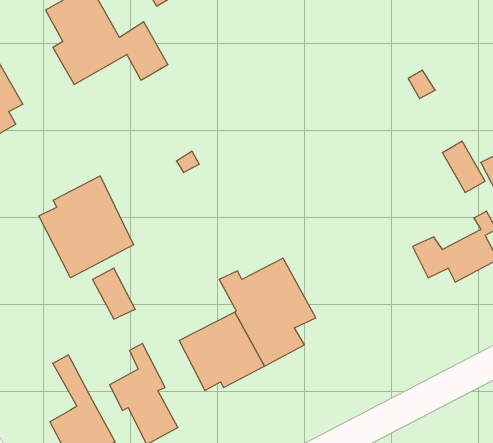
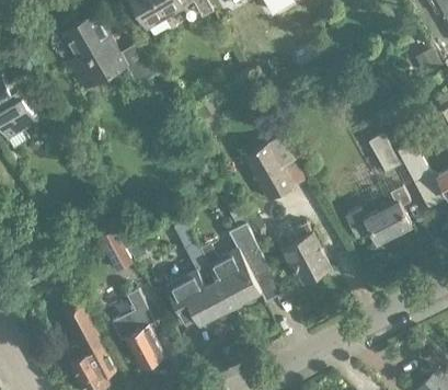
building: none -> [244,137,295,200]
building: [39,176,134,278] -> none
building: none -> [278,225,330,279]

